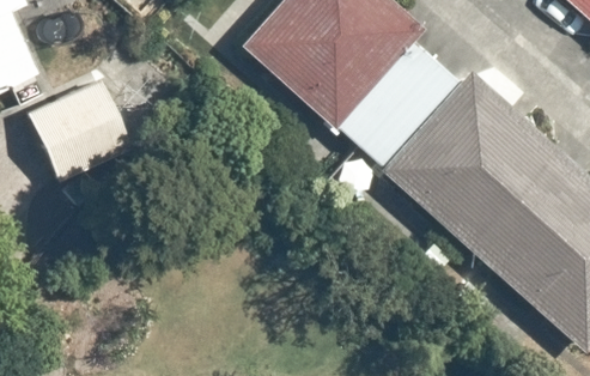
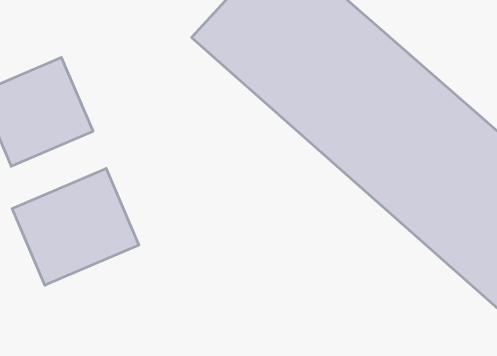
building: none -> [12,168,139,285]

